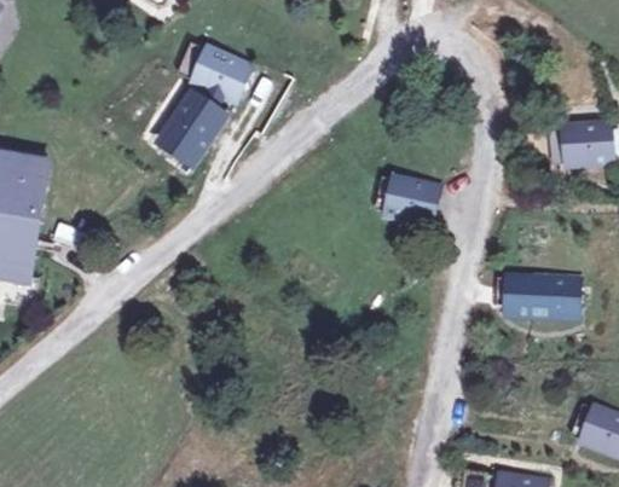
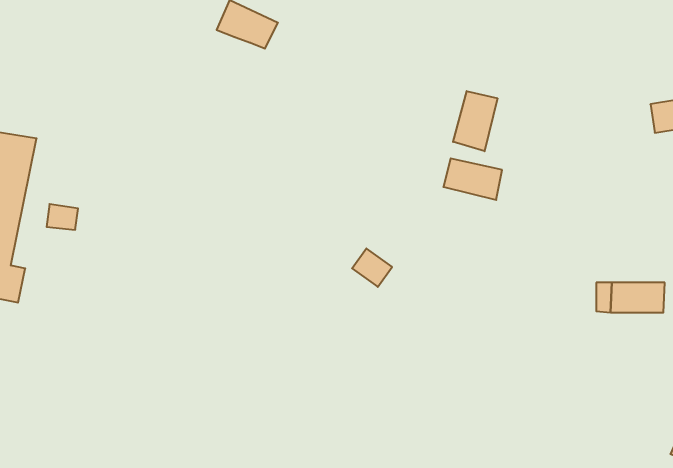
building: [163,75,227,155] -> none
building: none -> [453,91,497,151]

